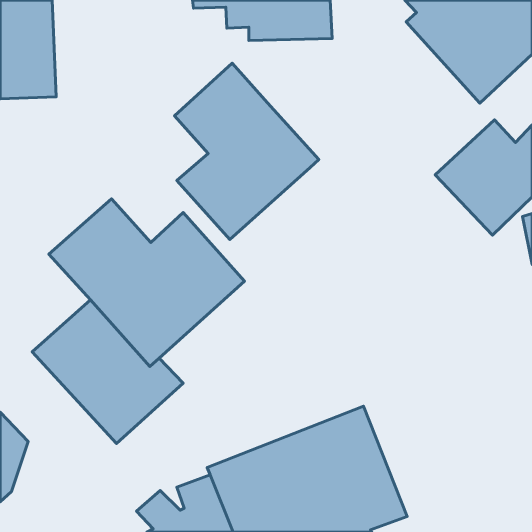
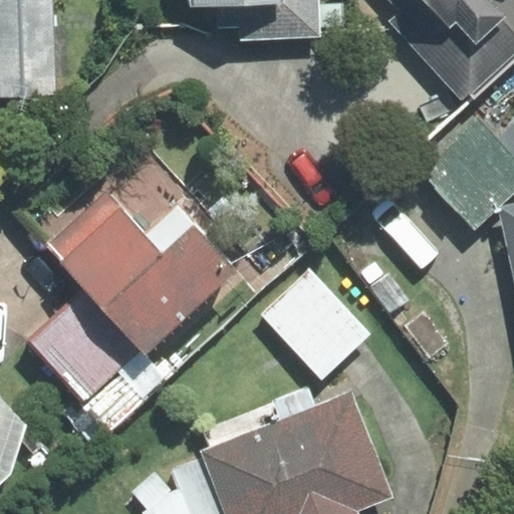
building: [174,63,319,239] -> none
building: none -> [260,270,369,379]

